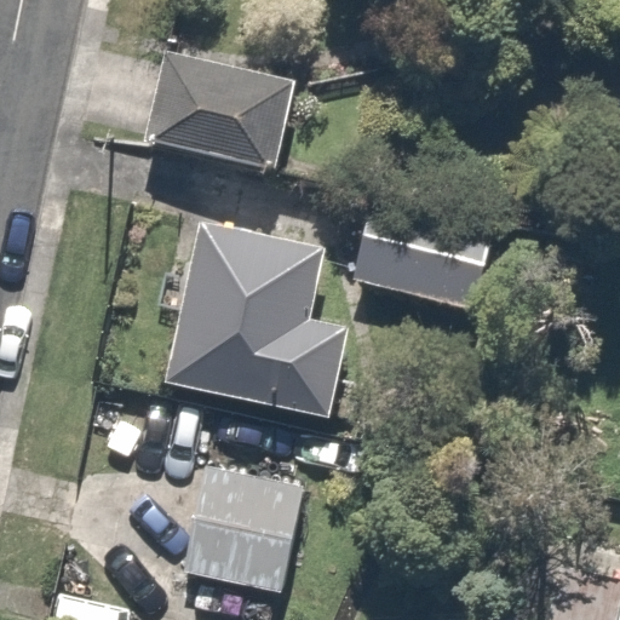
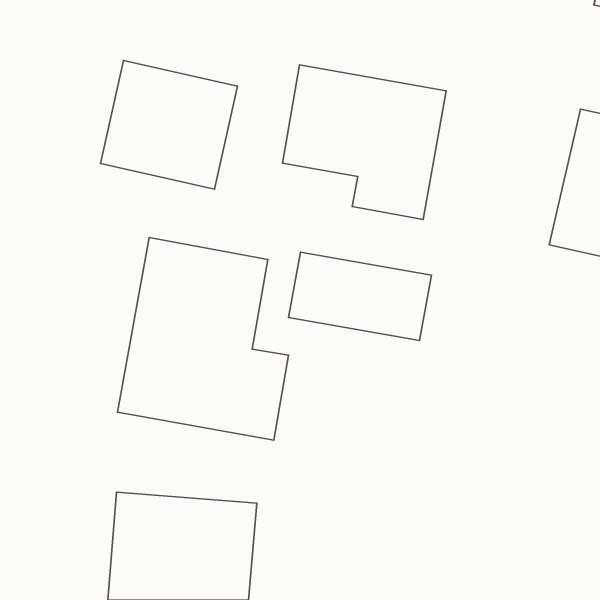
building: none -> [283,65,446,220]

